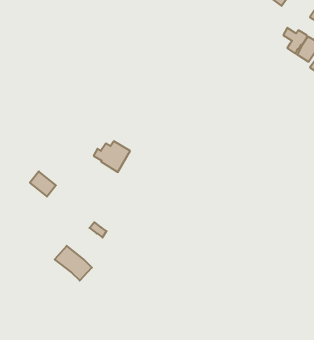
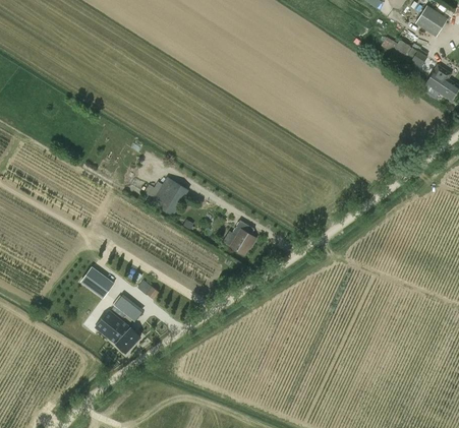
building: [30,171,56,197] -> [81,265,114,297]
building: none -> [223,220,256,254]
building: none -> [113,294,144,320]

